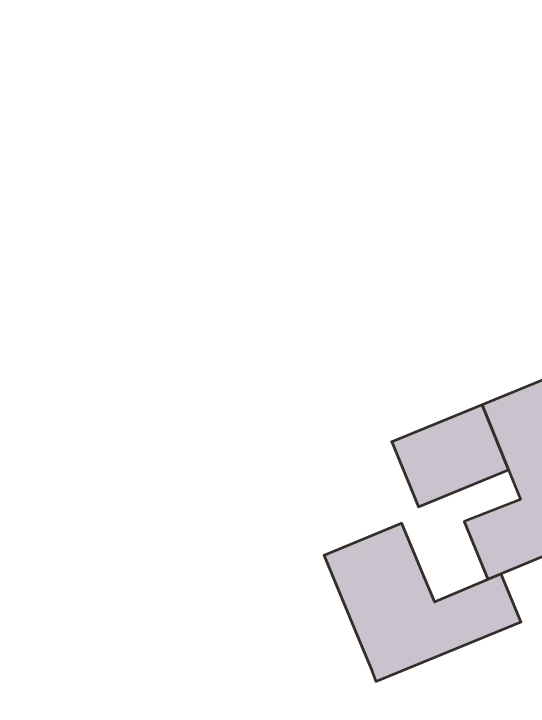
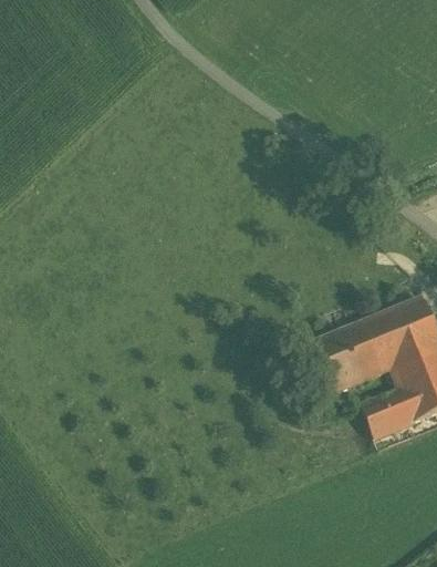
building: [324,523,521,681] -> none

